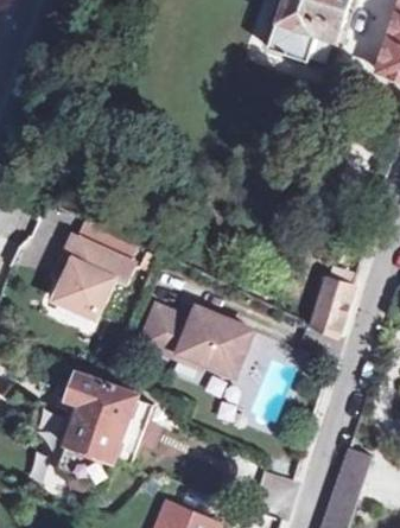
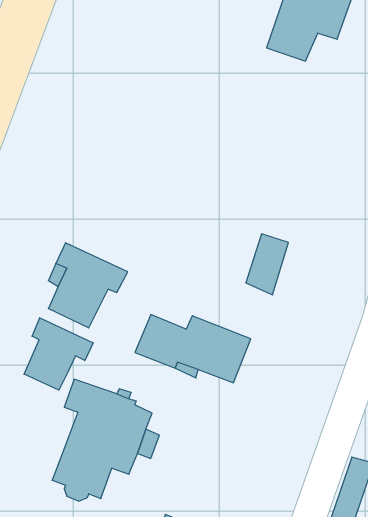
building: [310,278,351,337] -> [246,234,288,295]
building: none -> [24,318,93,390]

